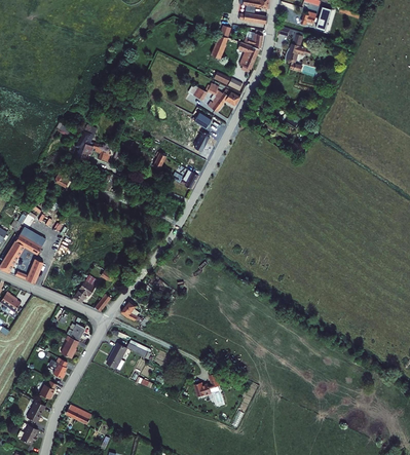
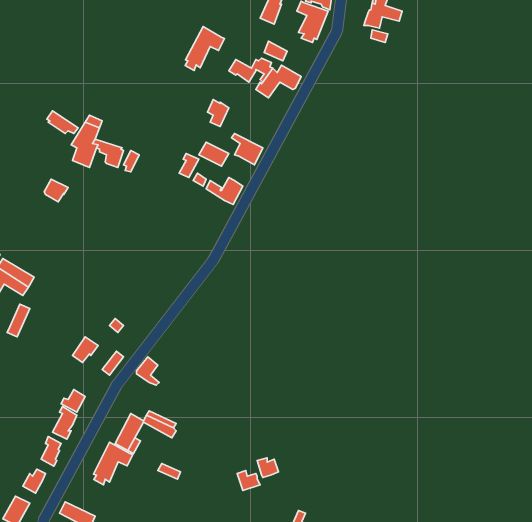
building: none -> [185,26,225,71]
building: none -> [94,442,133,485]

